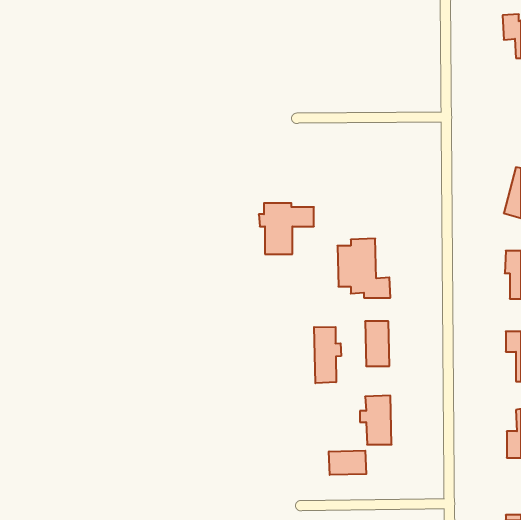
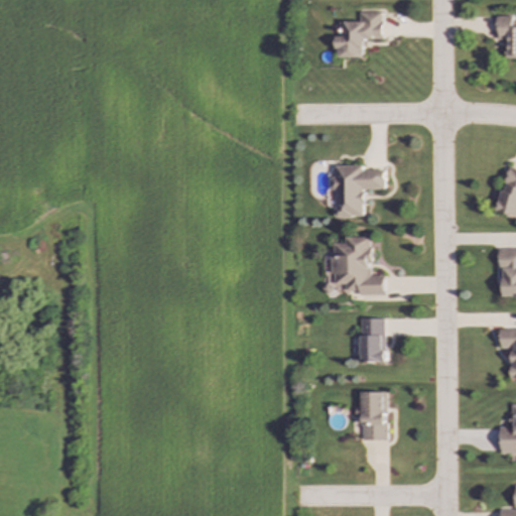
building: none -> [339,11,383,56]
building: [259,203,314,254] -> [332,165,386,216]
building: [314,327,341,383] -> none
building: [329,451,366,475] -> none

